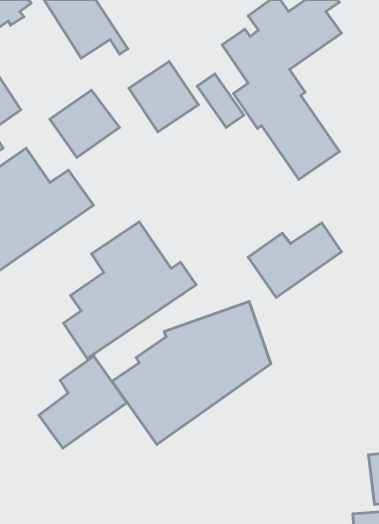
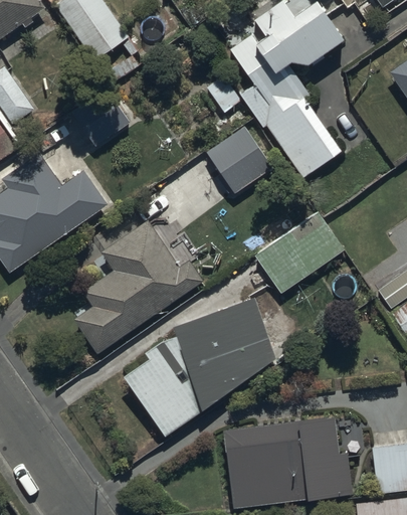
building: [129,61,198,132] -> [206,126,273,194]
building: [39,356,127,448] -> none
building: none -> [223,416,351,508]

